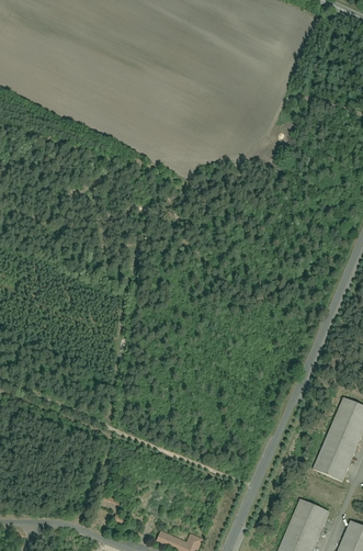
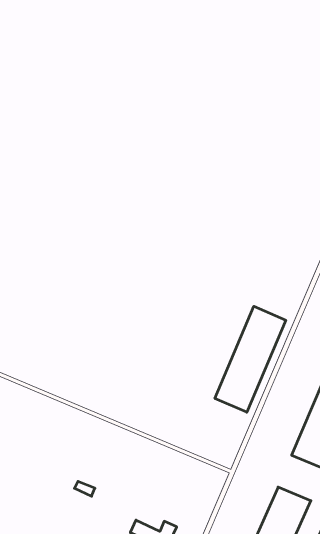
building: none -> [215,306,286,412]

